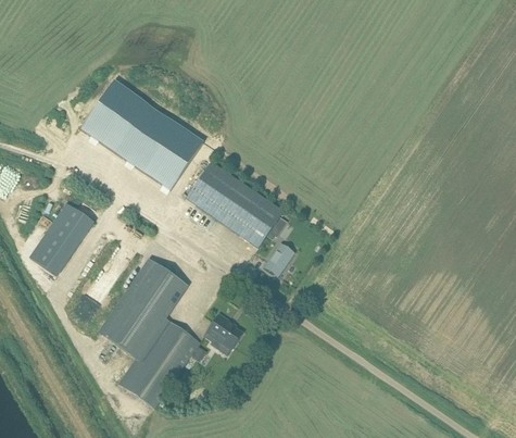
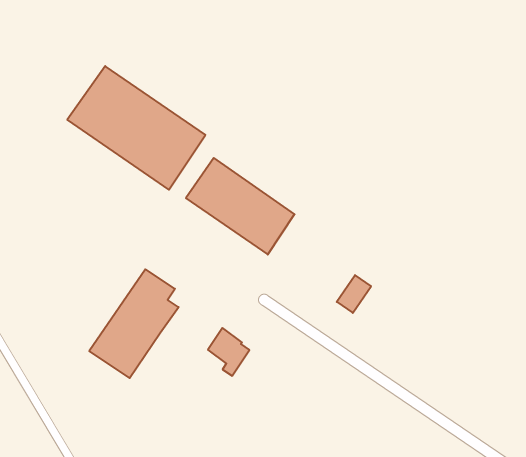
building: [29,203,93,276] -> none
building: [263,242,293,276] -> [337,275,371,313]
building: [118,316,199,406] -> none

